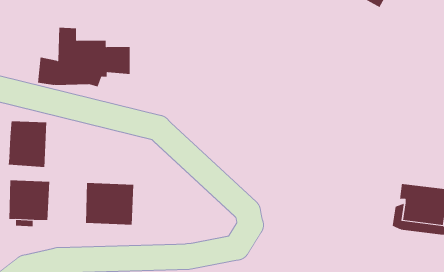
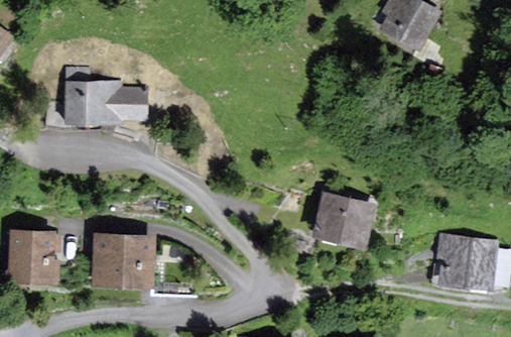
building: [8,120,47,168] -> none
building: none -> [316,194,371,240]

